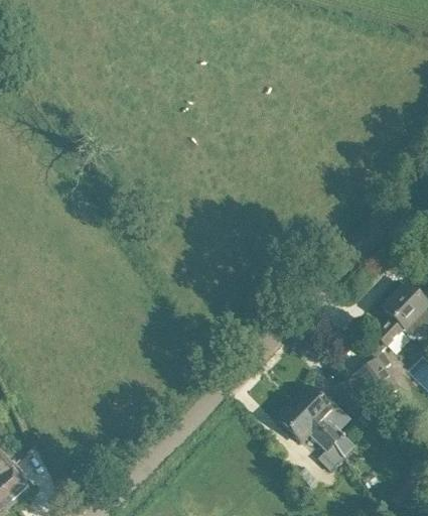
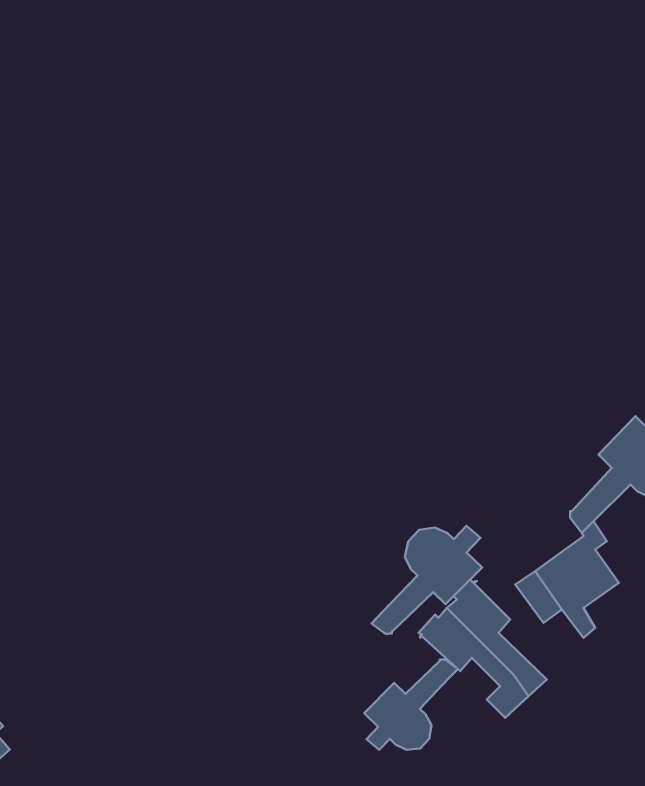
building: none -> [371,526,482,634]
building: none -> [364,660,458,750]

